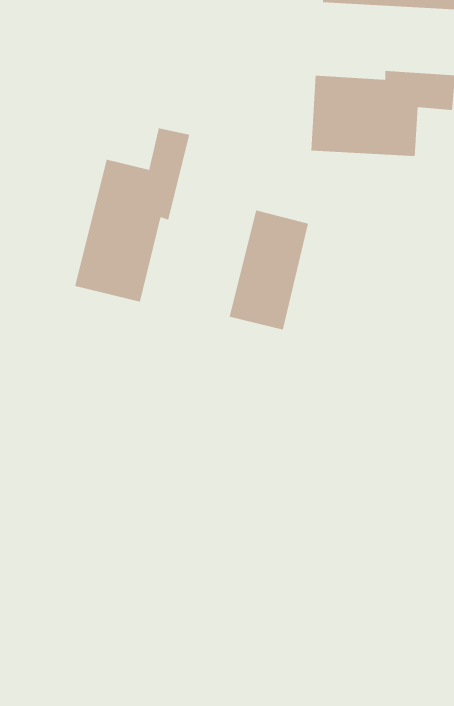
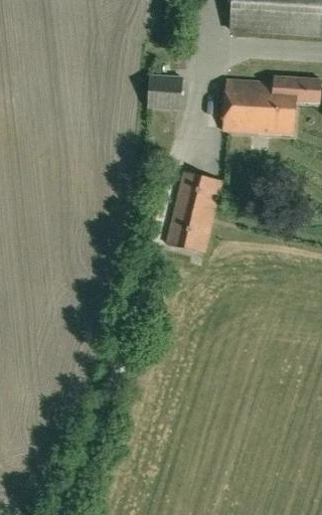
building: none -> [147,74,181,108]
building: [74,128,190,303] -> none

